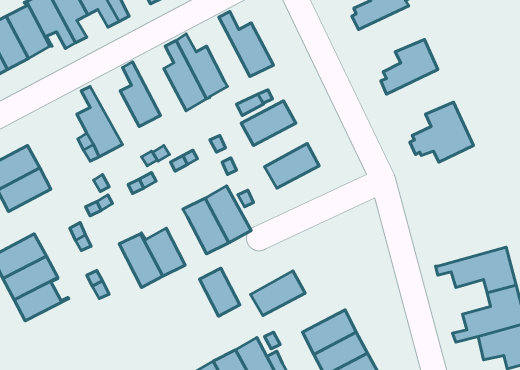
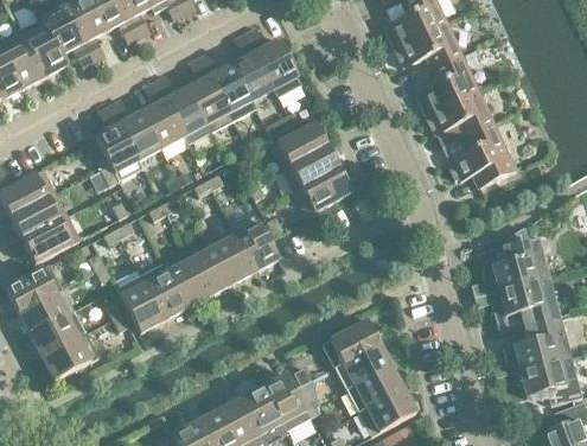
building: none -> [394,21,464,70]
building: none -> [232,33,279,101]
building: none -> [154,76,211,138]
building: none -> [423,89,495,136]
building: none -> [109,101,161,168]
building: none -> [282,146,339,192]
building: none -> [23,216,81,263]
building: none -> [474,238,550,298]
building: none -> [116,274,164,332]
building: [200,268,240,316] -> [190,246,232,297]
building: [251,271,305,316] -> [321,320,379,368]
building: none -> [40,332,98,380]

